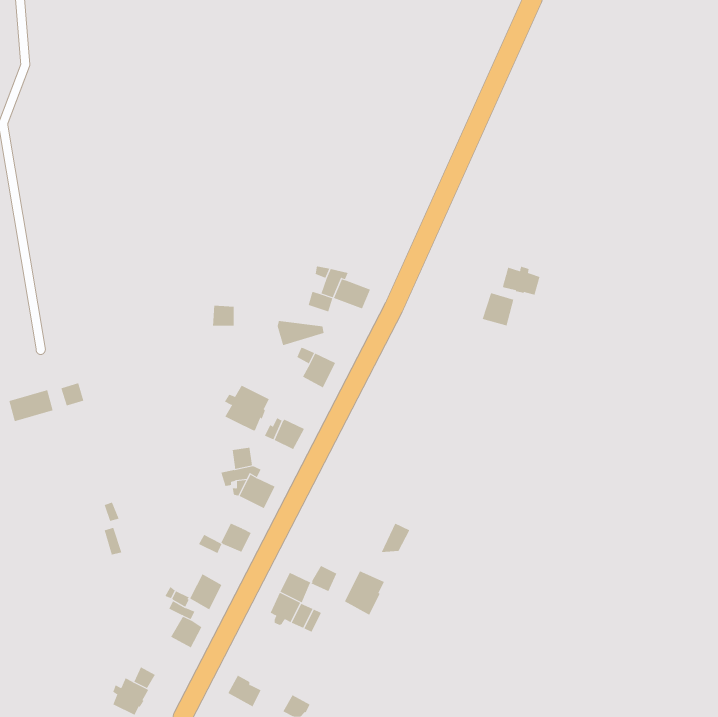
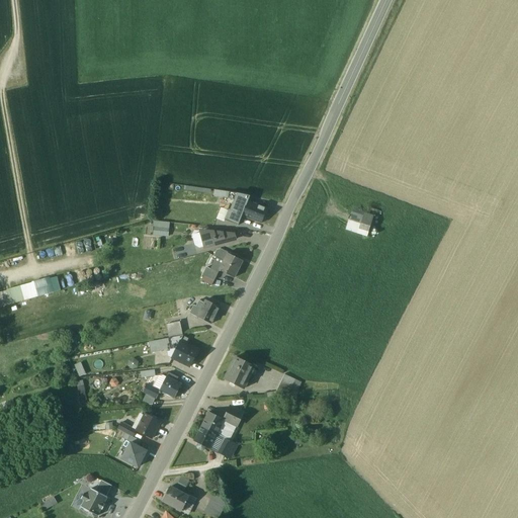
building: [503,266,540,296] -> none
building: [224,385,270,431] -> none
building: [344,570,385,615] -> [225,357,254,390]

